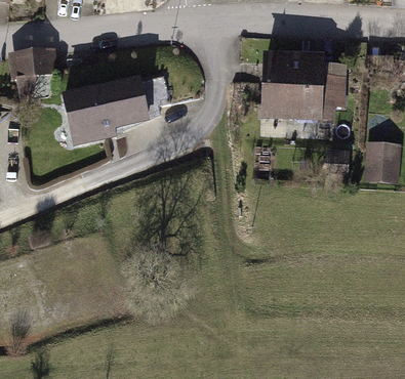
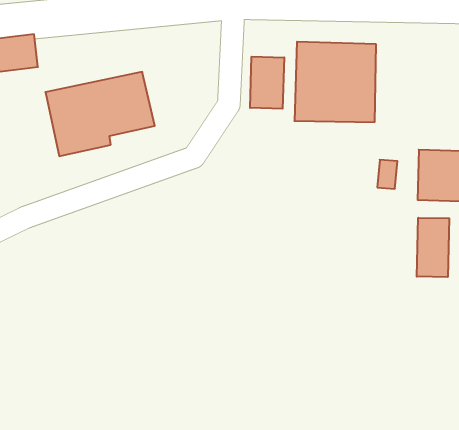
building: none -> [250,57,284,109]
building: none -> [417,218,449,277]

